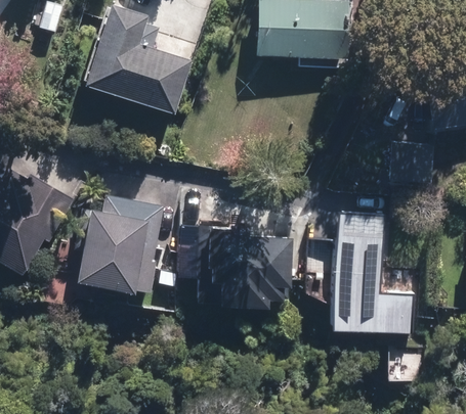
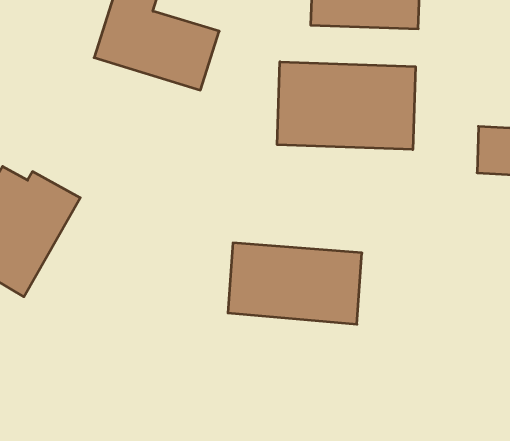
building: none -> [277,62,415,150]
building: [71,195,164,290] -> none
building: [330,231,411,335] -> none

